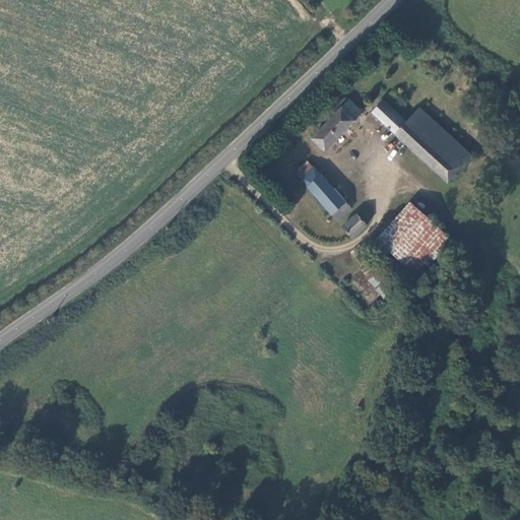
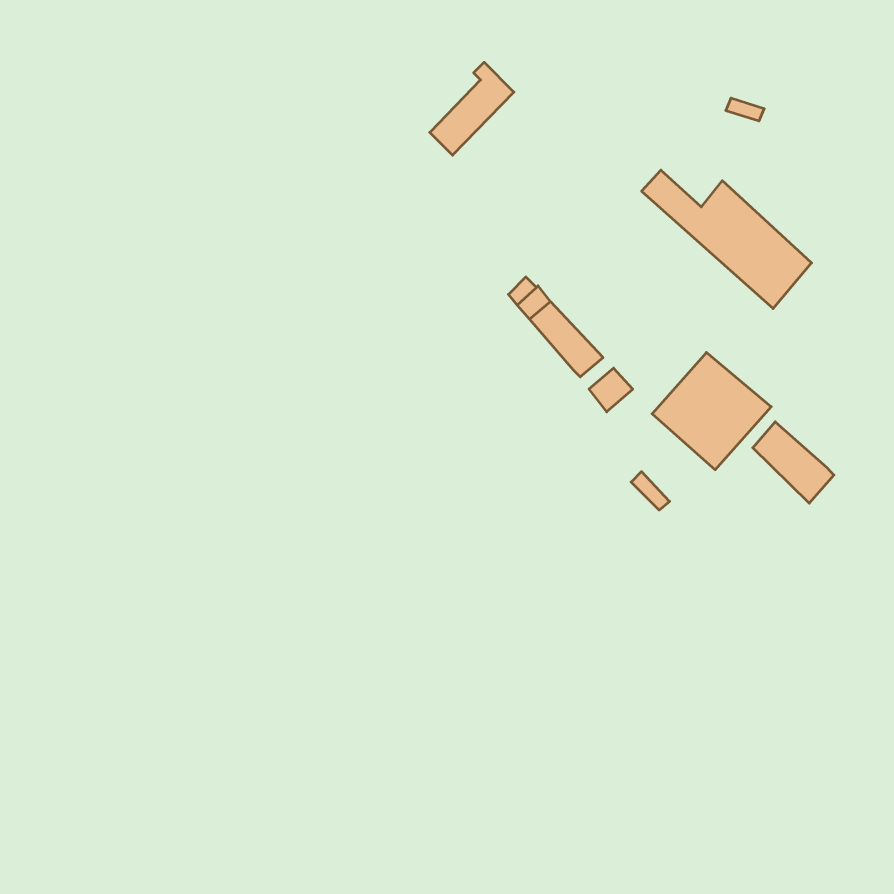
building: [312,94,361,148] -> [430,62,514,155]
building: none -> [753,422,834,503]

